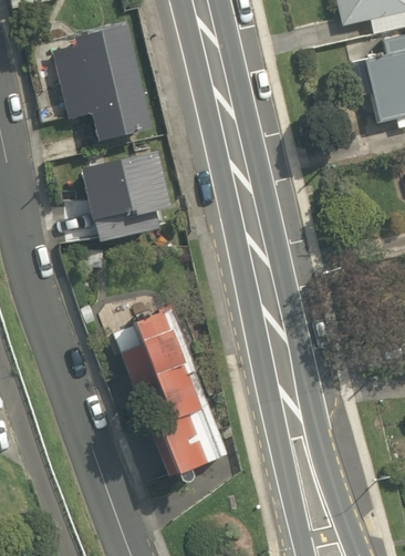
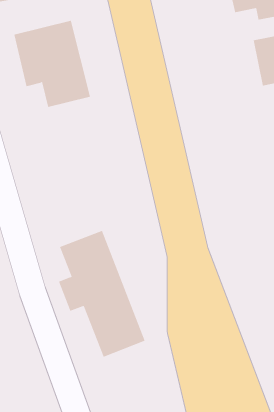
building: [76,157,164,245] -> none

